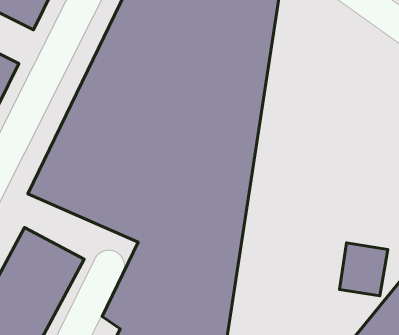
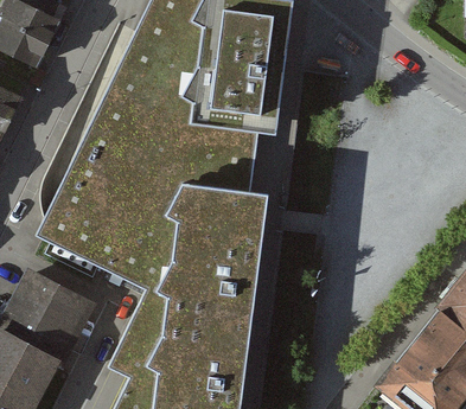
building: [339,243,388,296] -> none

